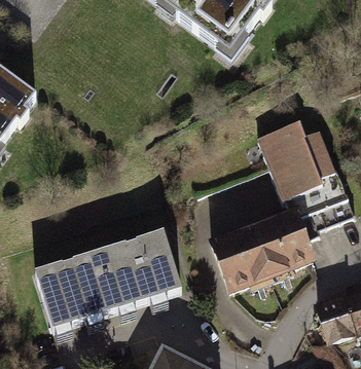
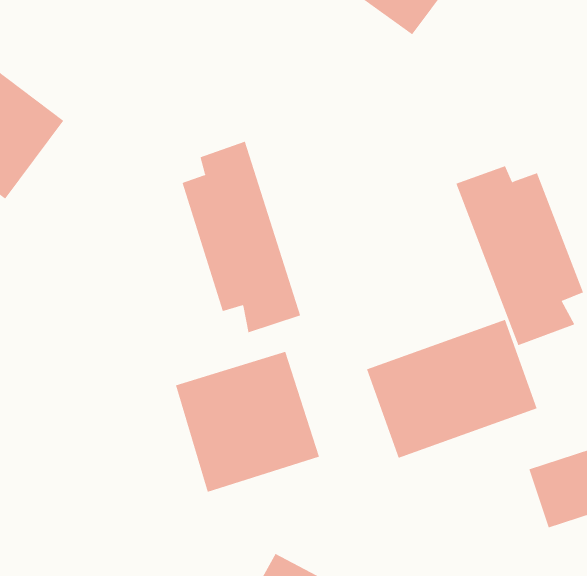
building: none -> [182,141,301,333]
building: [36,251,119,332] -> none

